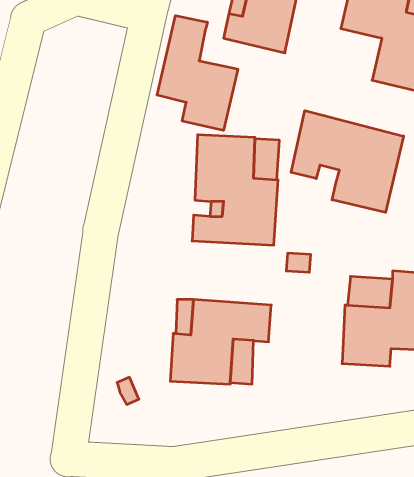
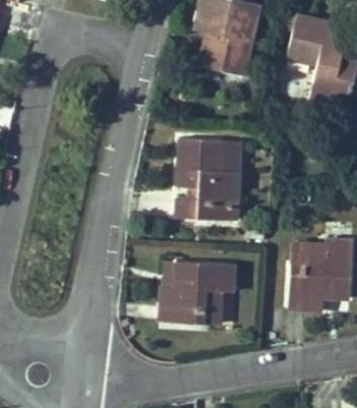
building: [157,16,238,130] -> none
building: [291,111,404,212] -> none

